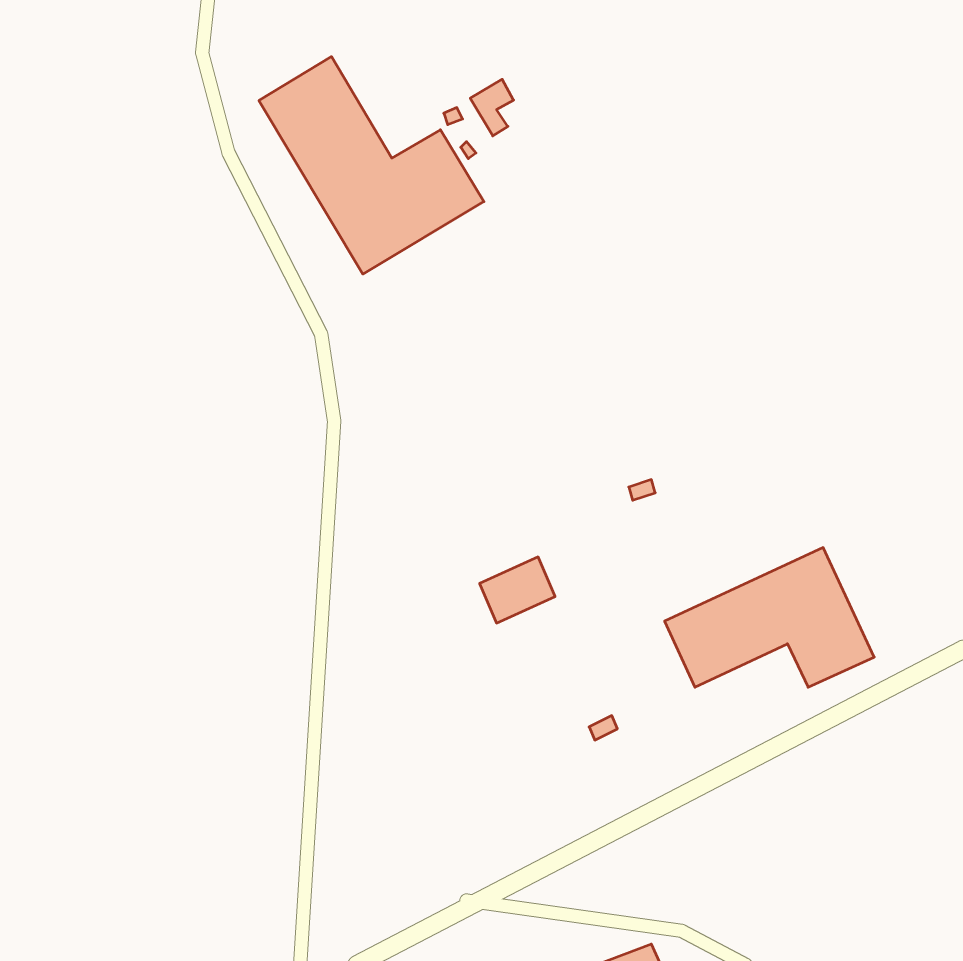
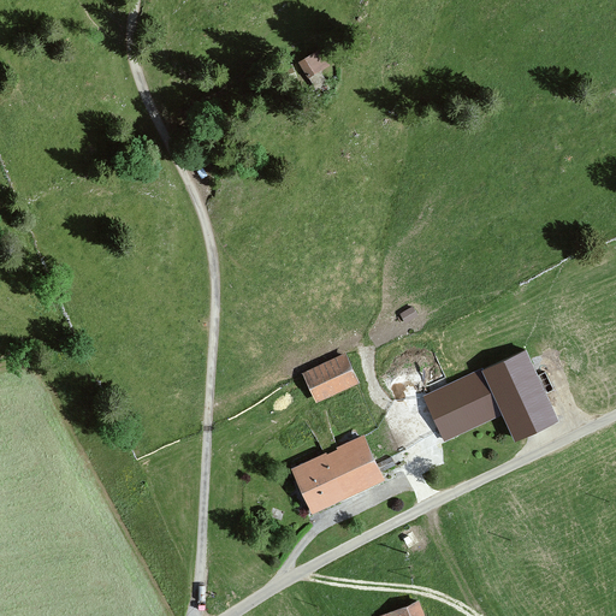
building: [259,57,484,274] -> none
building: none -> [294,430,378,510]

